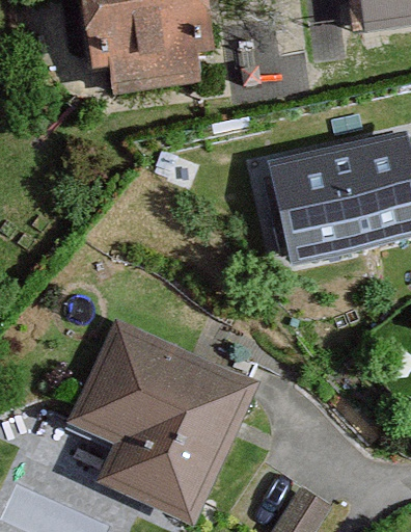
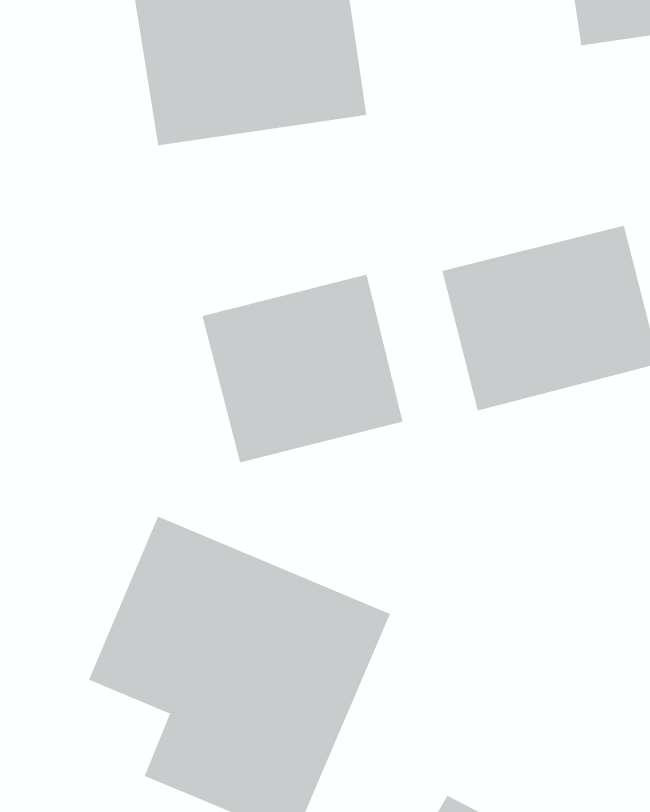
building: none -> [202,274,403,463]

